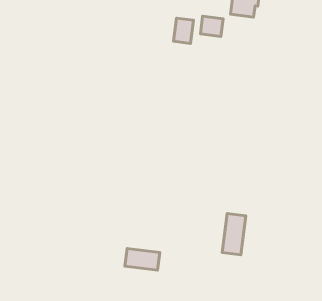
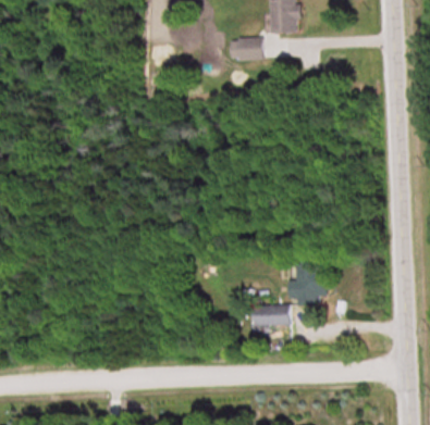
building: [174,18,194,43] -> none
building: [125,248,160,270] -> [251,307,290,327]

